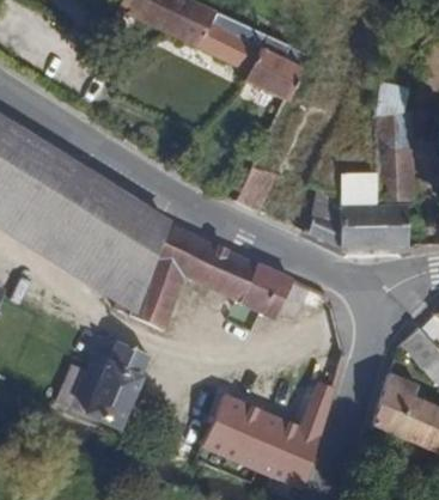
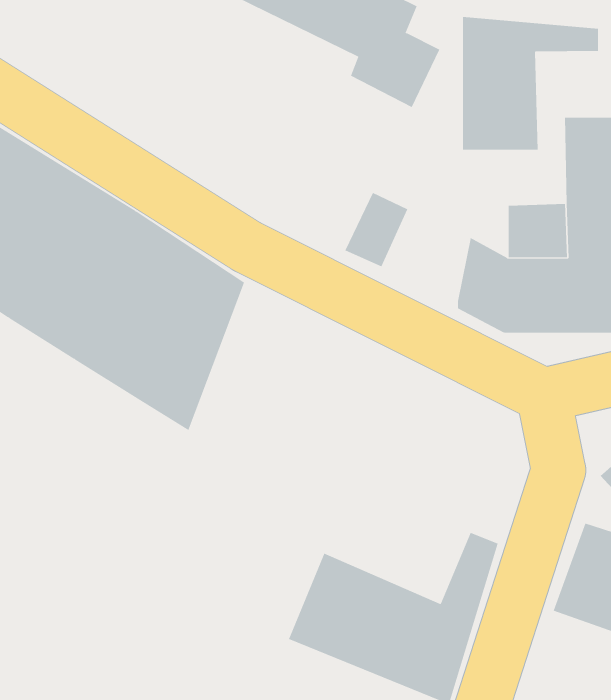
building: none -> [462,16,599,151]
building: [138,220,292,327] -> none
building: [71,342,151,434] -> none

